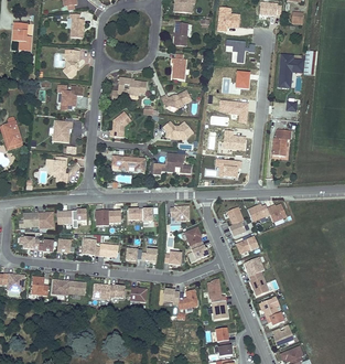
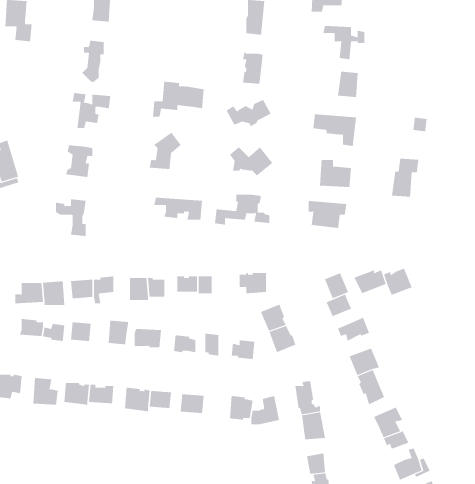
building: [279,54,304,88] -> none

